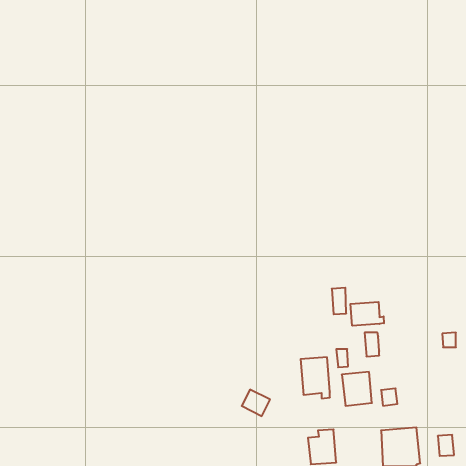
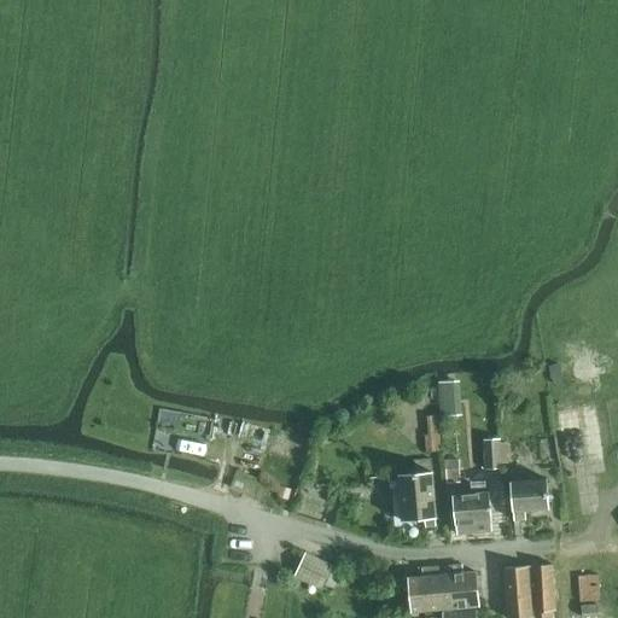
building: [350,302,384,326] -> none
building: none -> [509,479,548,512]
building: [242,390,270,416] -> [293,554,331,589]
building: none -> [441,565,479,611]

